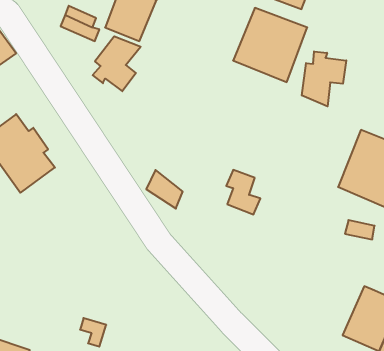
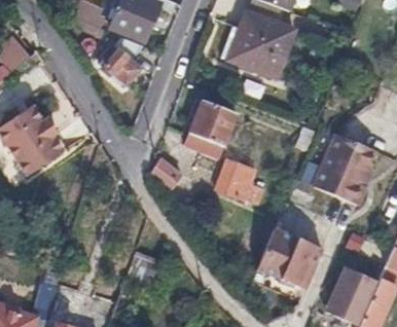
building: [302,51,346,106] -> none
building: none -> [187,103,236,158]
building: none -> [264,217,330,278]

